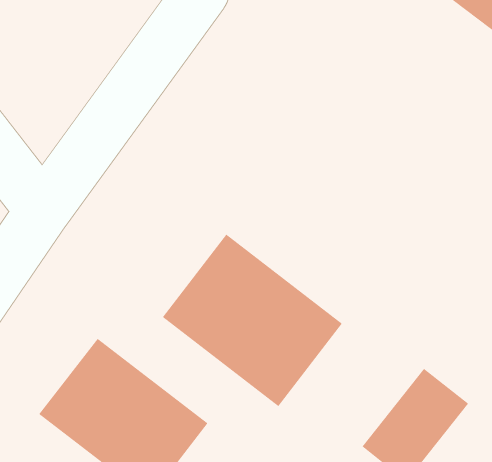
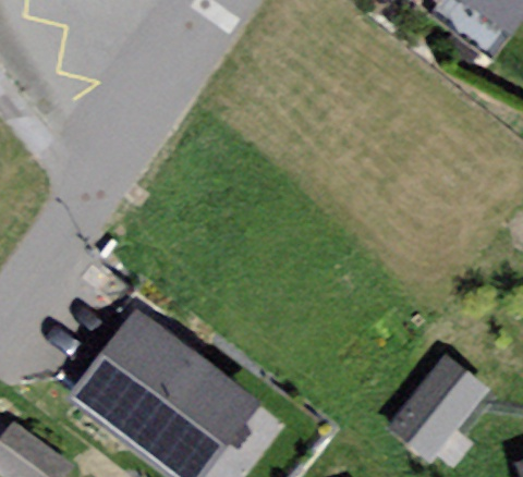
building: [162,233,343,407] -> none

